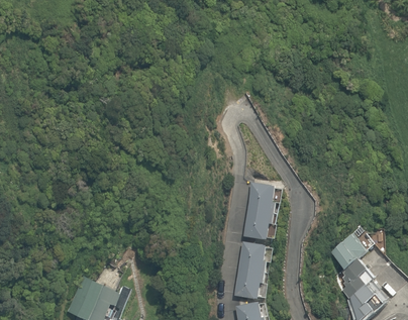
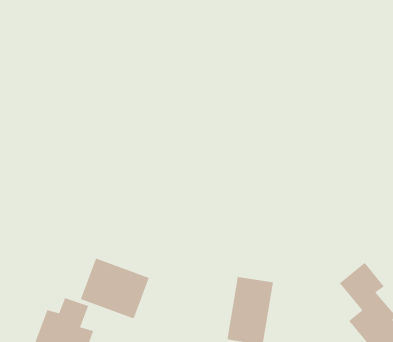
building: [238,181,280,241] -> none
building: none -> [80,258,150,320]

